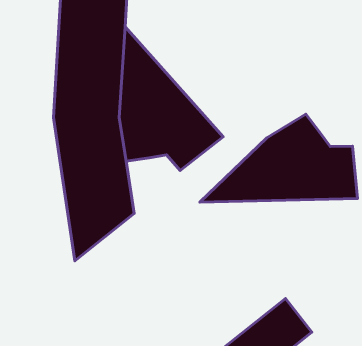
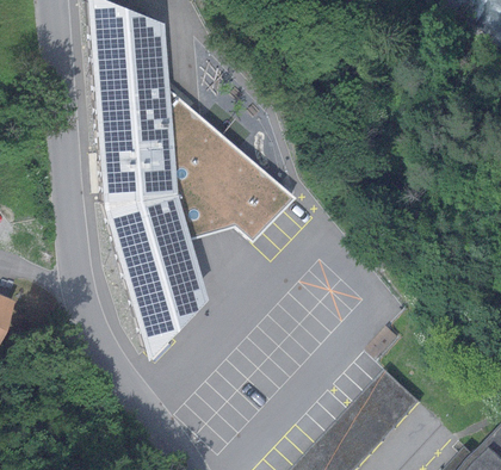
building: [200,114,357,202] -> none

